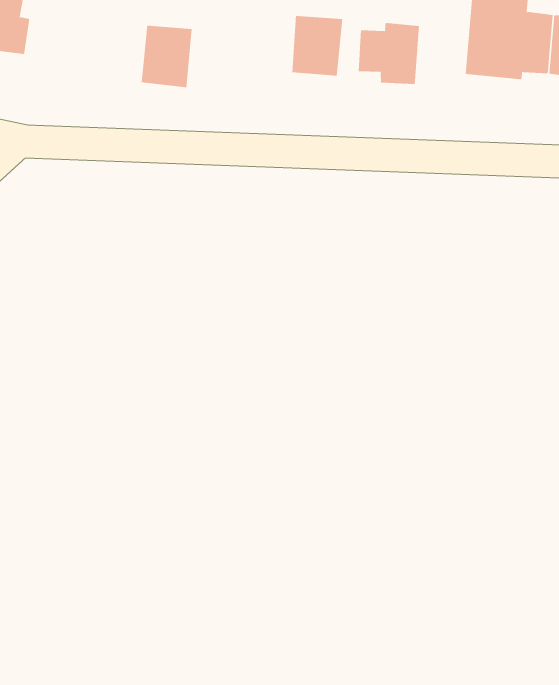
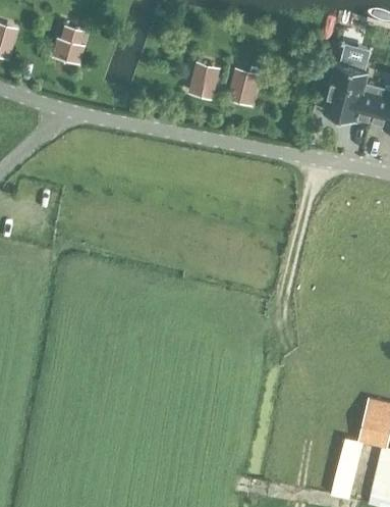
building: [358,22,419,85] -> none
building: [141,25,193,88] -> [186,61,220,100]

